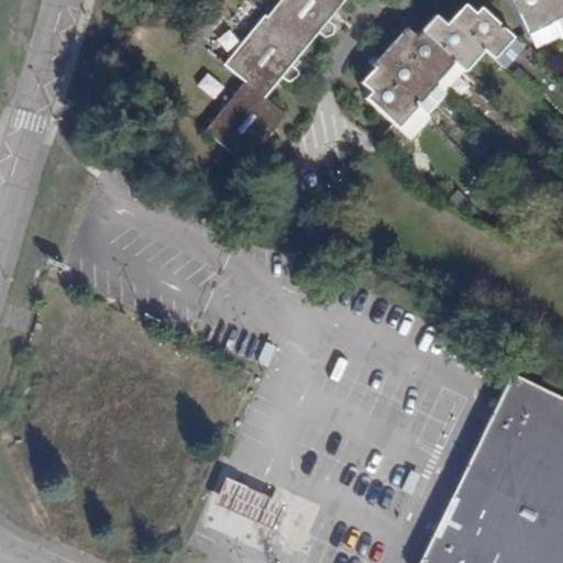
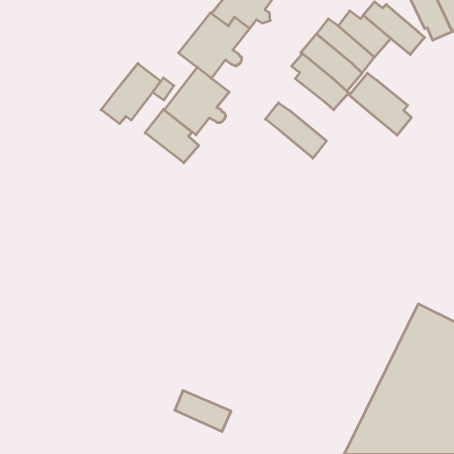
building: none -> [101,63,160,124]
building: none -> [349,73,411,135]
building: none -> [265,103,326,158]
building: none -> [145,109,199,163]

